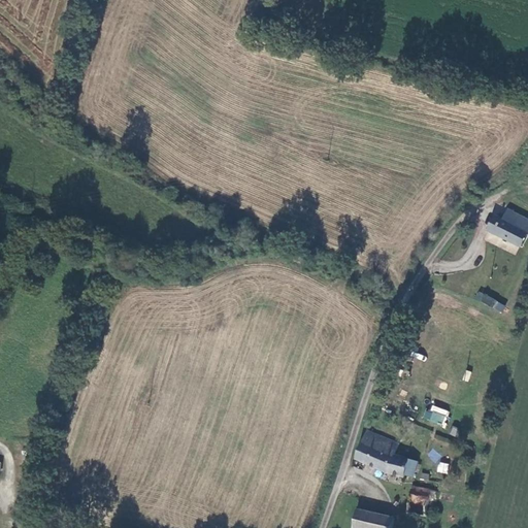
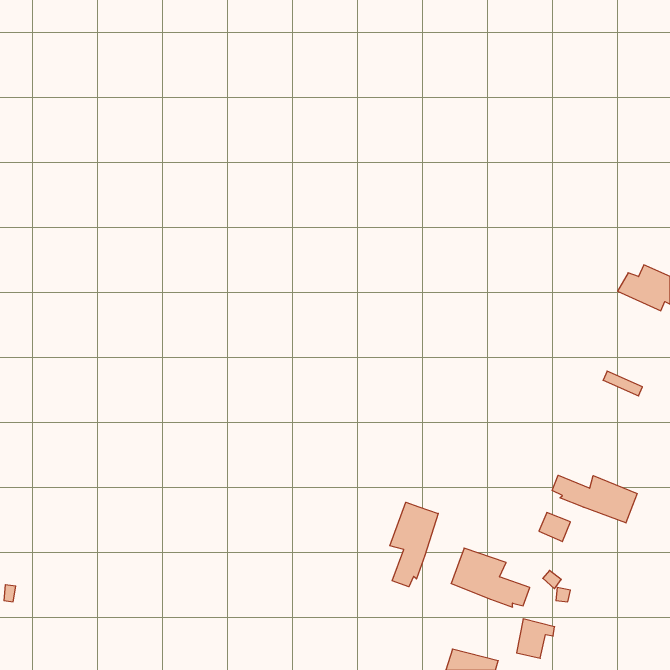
building: none -> [552,475,637,523]
building: none -> [390,502,438,587]

